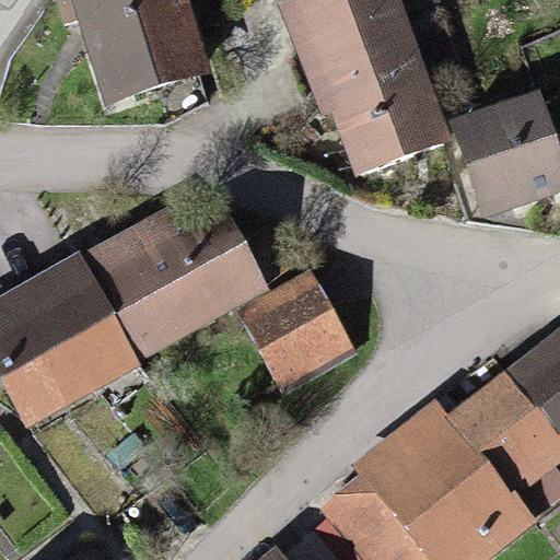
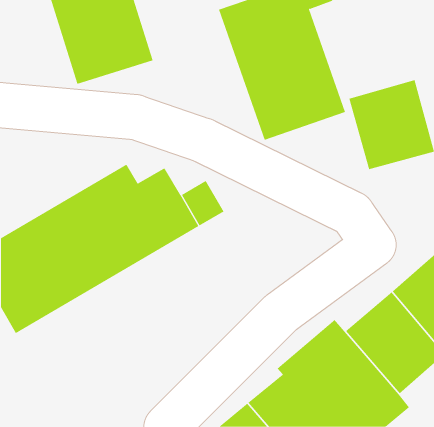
building: [250,279,350,378] -> none

